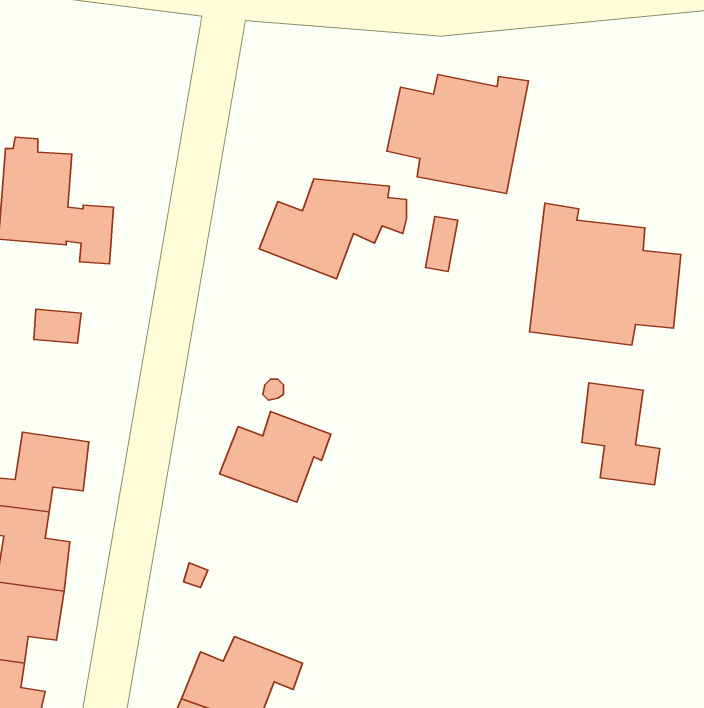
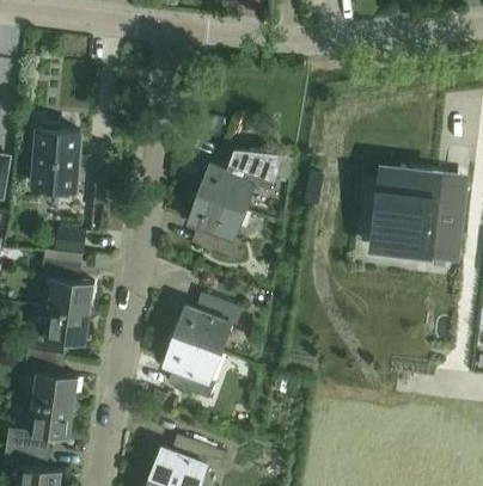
building: [387,74,529,193] -> none
building: none -> [187,192,246,258]
building: none -> [41,259,94,314]
building: [582,383,660,485] -> none
building: none -> [161,334,221,399]

